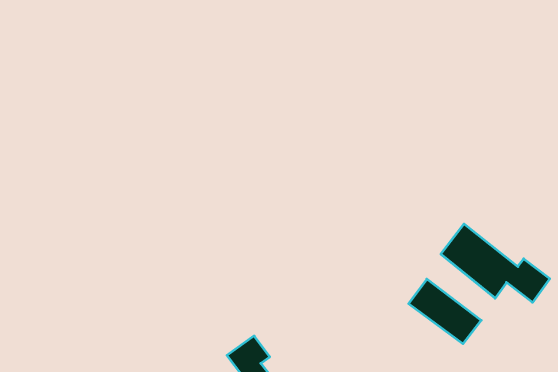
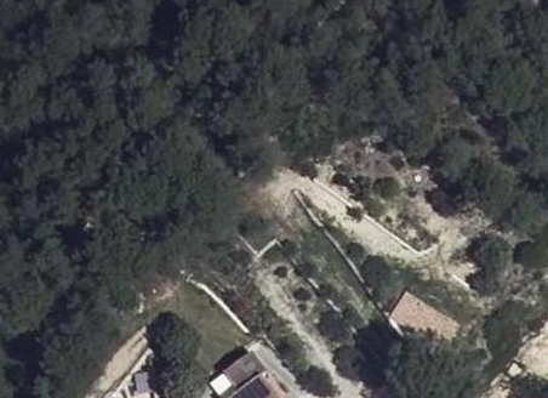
building: [441,224,550,302] -> none

